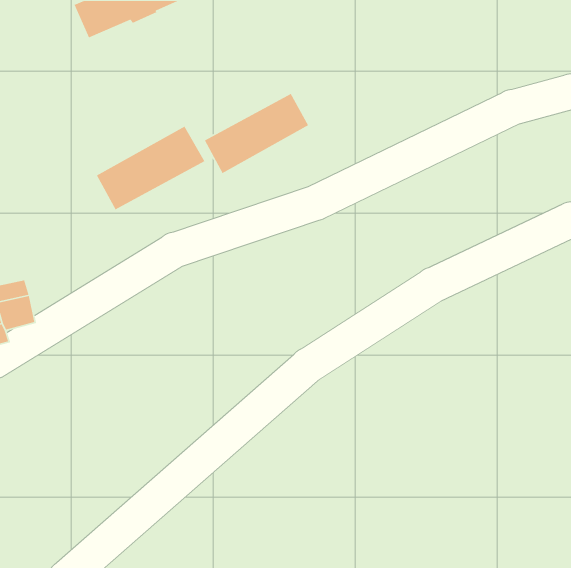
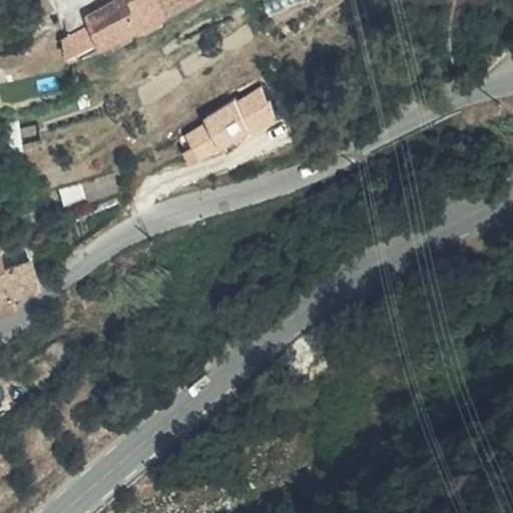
building: [96,125,206,210] -> none

